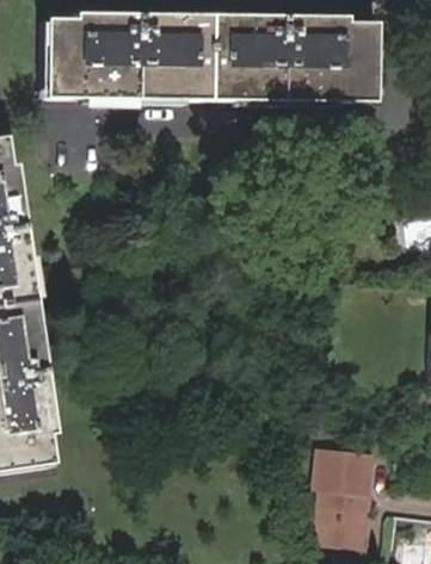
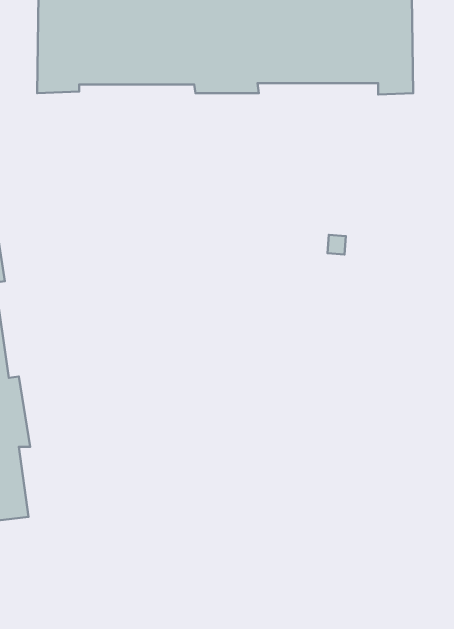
building: [313,448,371,545] -> none

